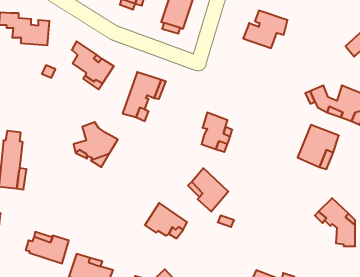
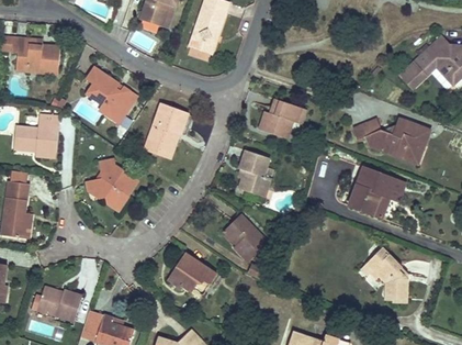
building: [243,11,288,48] -> [256,98,306,141]
building: none -> [18,114,60,158]

